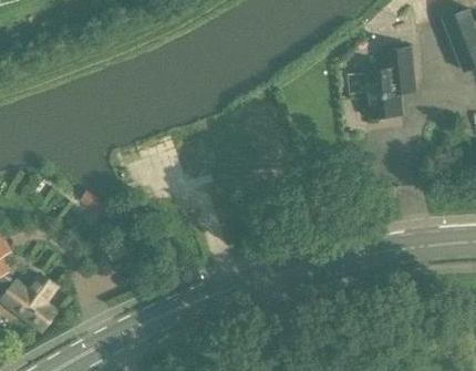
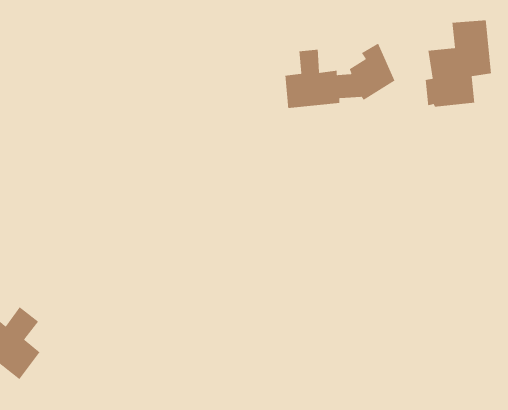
building: none -> [285,43,395,109]

